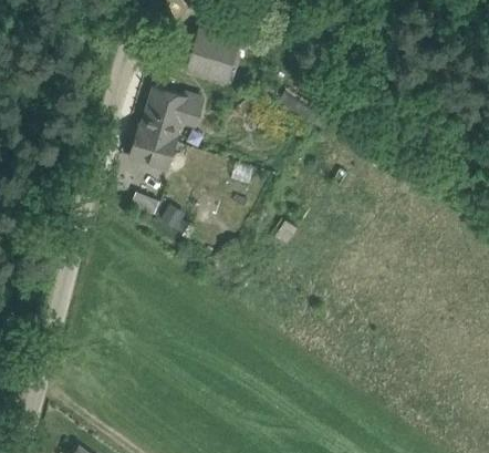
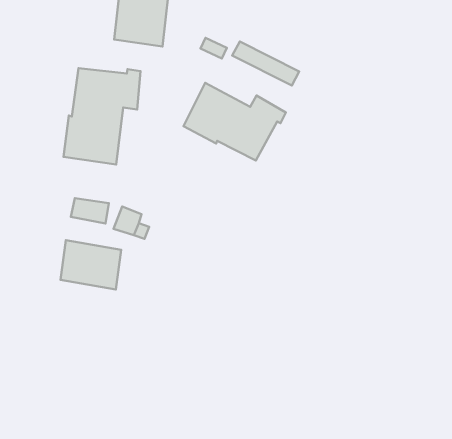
building: none -> [183,83,286,160]
building: none -> [60,240,121,290]

